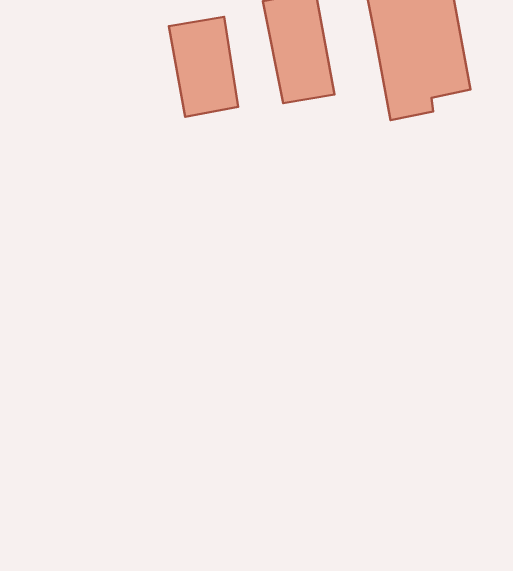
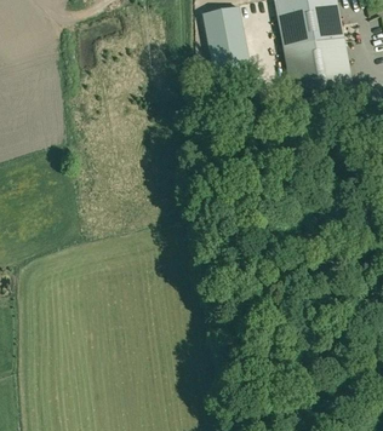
building: [169,17,238,117] -> none

